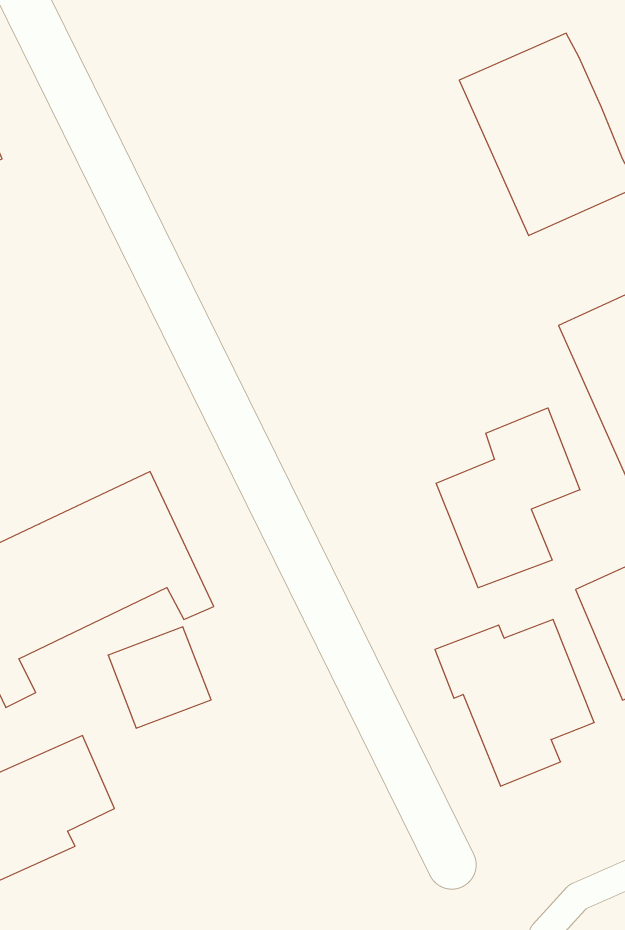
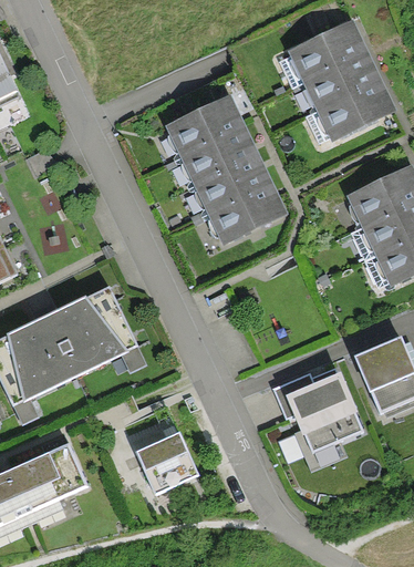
building: none -> [167,99,284,249]
building: [436,408,580,588] -> none
building: [108,627,211,728] -> [136,432,197,492]

